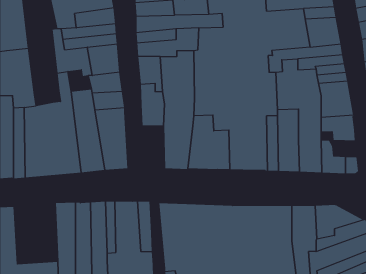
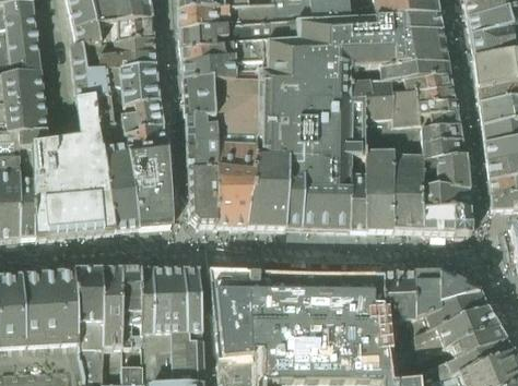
building: none -> [188,170,217,226]
building: none -> [422,178,469,210]
building: none -> [22,270,79,350]

